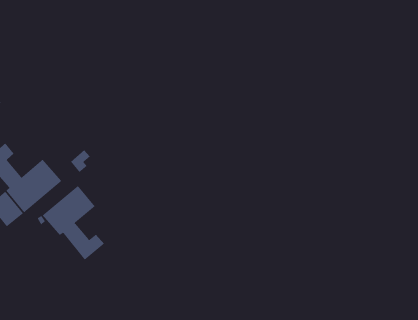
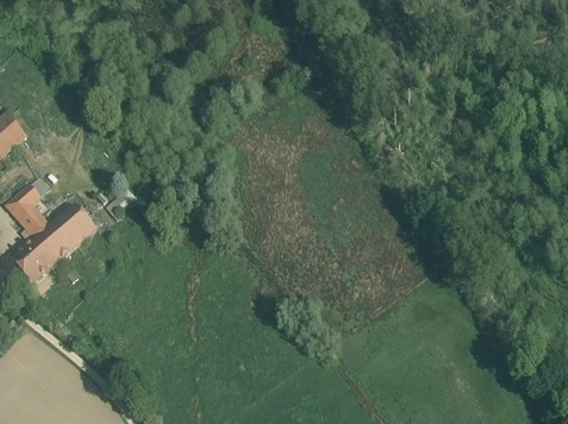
building: [42,185,105,261] -> none

